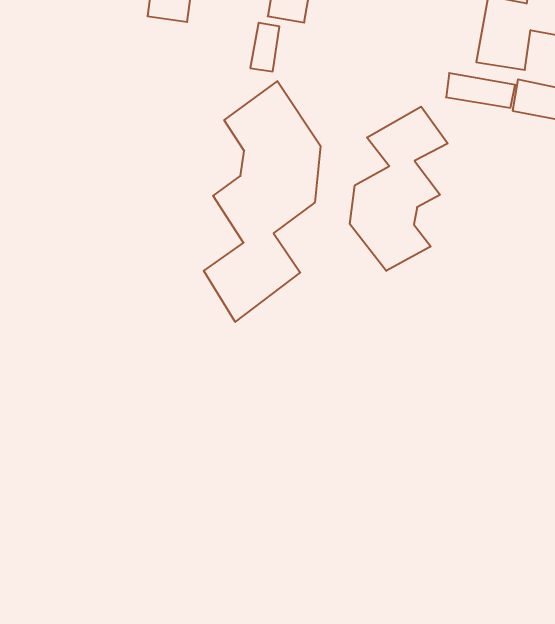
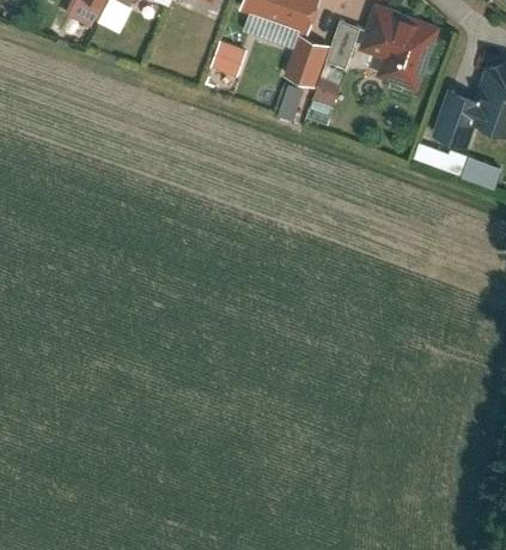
building: [204,81,321,322] -> none
building: [350,107,448,271] -> none

